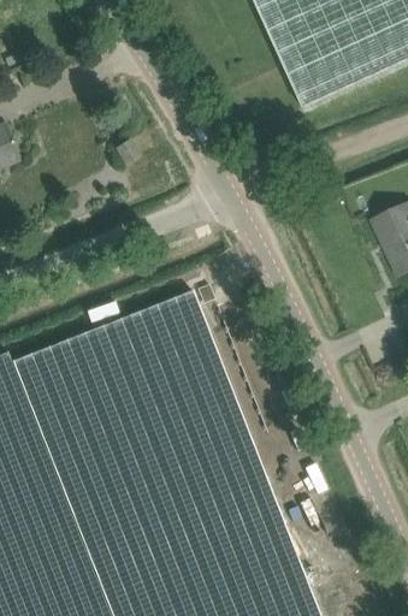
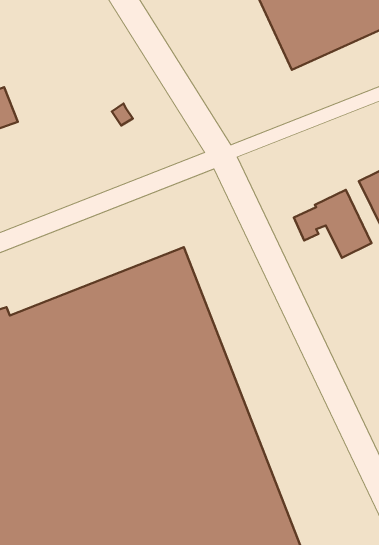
building: none -> [294,190,371,258]

